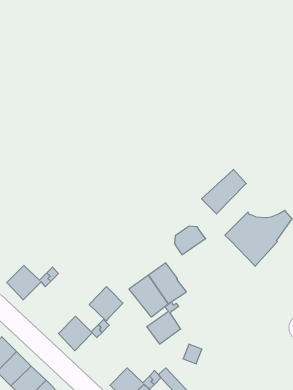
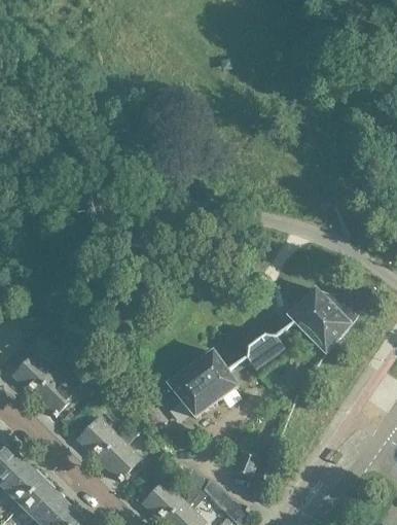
building: [202,169,246,214] -> none
building: [174,226,206,255] -> [245,335,284,371]
building: none -> [33,374,75,417]
building: [89,287,123,321] -> [98,437,140,481]
building: [147,302,181,344] -> none

